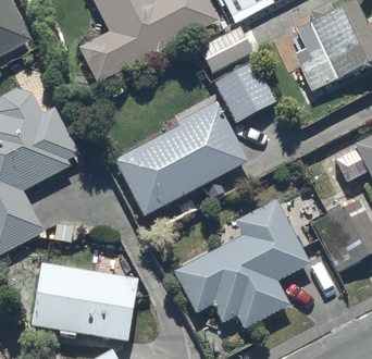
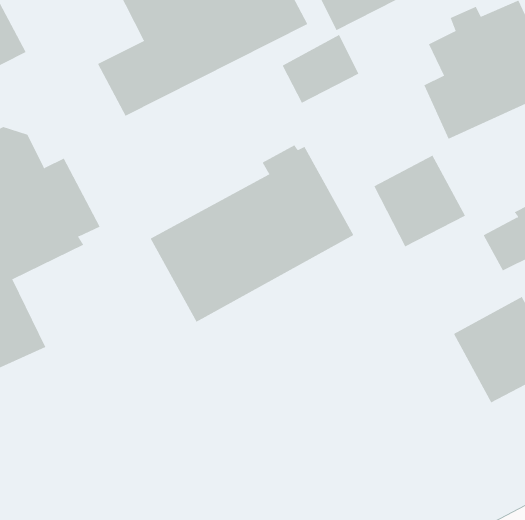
building: [215,62,276,123] -> [373,155,466,247]
building: [173,198,309,327] -> none
building: [29,262,136,341] -> none

